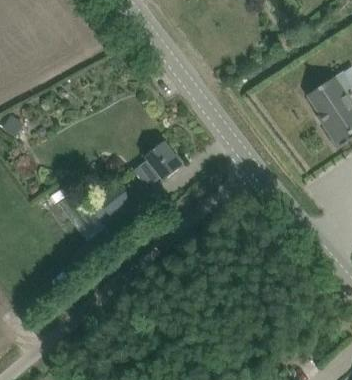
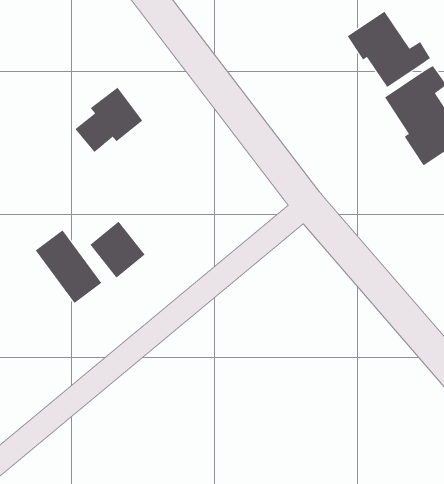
building: none -> [347,11,431,88]
building: [134,140,183,187] -> [74,87,143,153]

